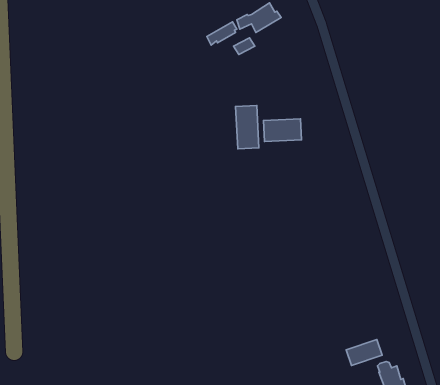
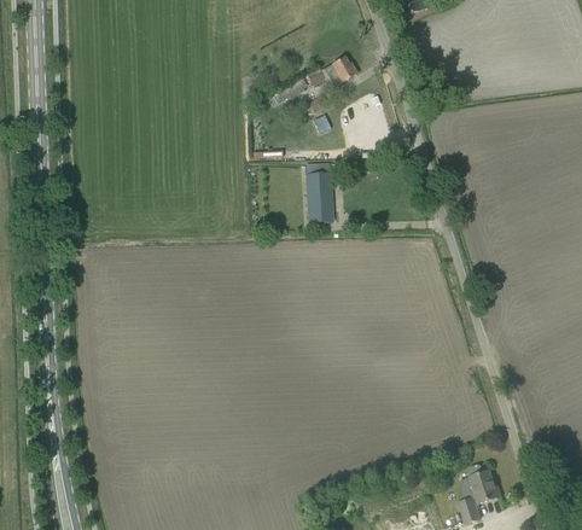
building: [263,119,301,142] -> none
building: [346,340,382,365] -> none

